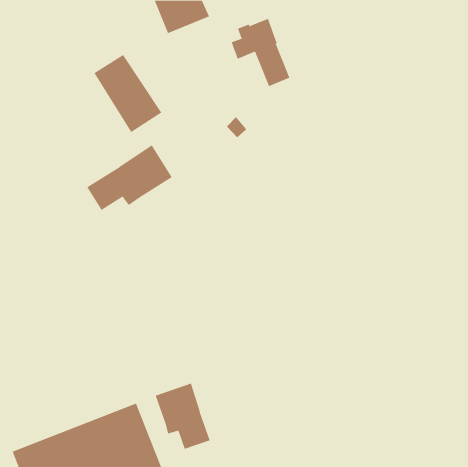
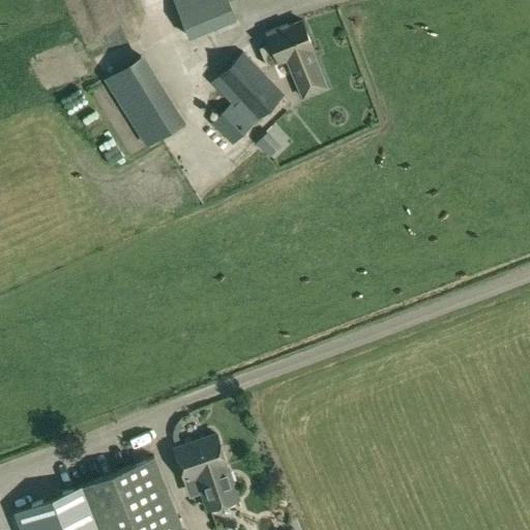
building: none -> [211,51,285,144]
building: [87,145,172,211] -> none

